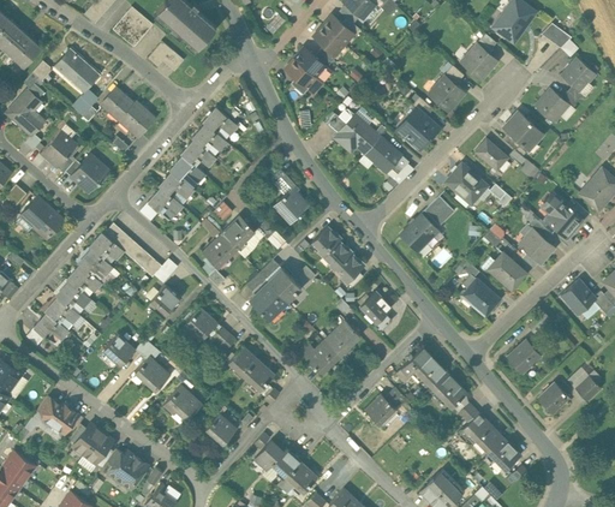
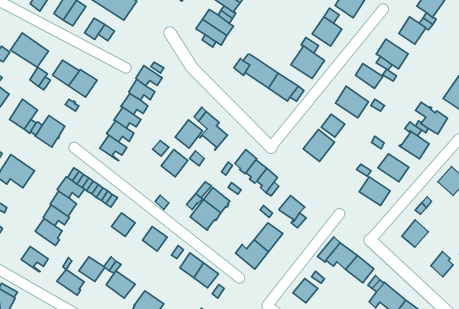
building: [202,233,237,268] -> [175,120,203,148]
building: [44,297,78,330] -> [57,269,84,295]

